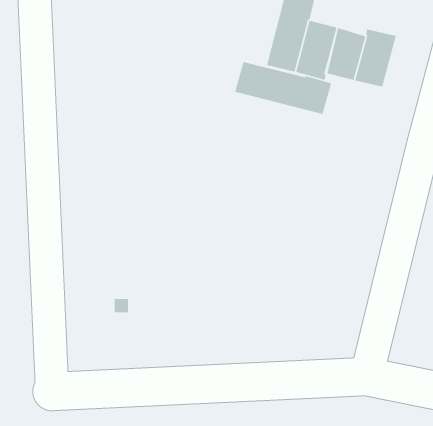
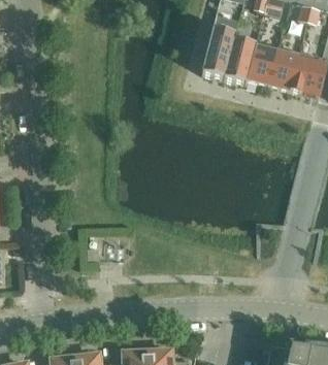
building: none -> [289,49,322,95]
building: [234,61,332,115] -> none

